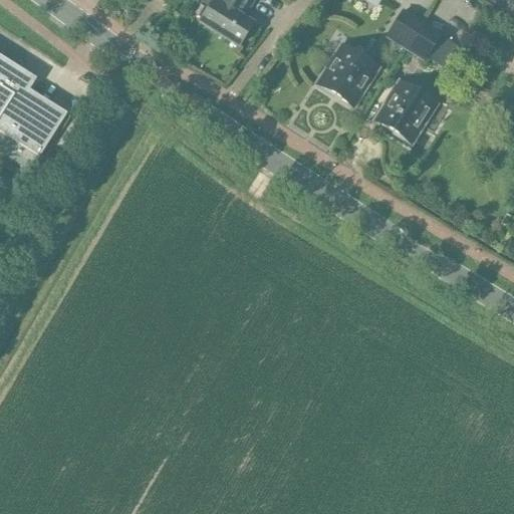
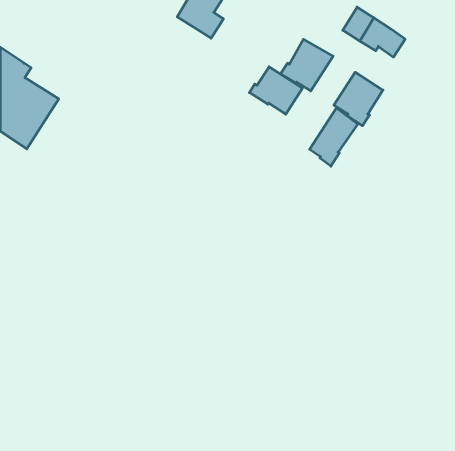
building: none -> [249,67,302,114]
building: none -> [310,108,358,166]

